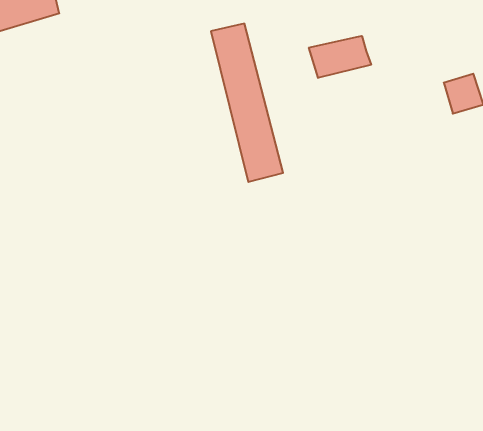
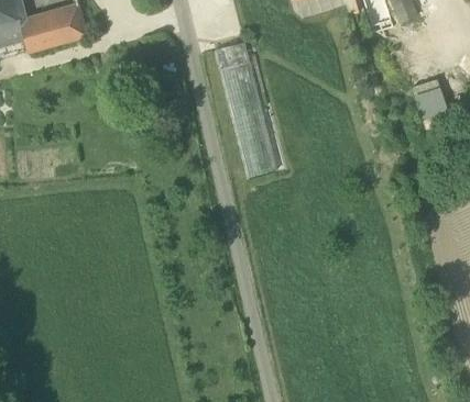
building: [309,36,371,78] -> none

